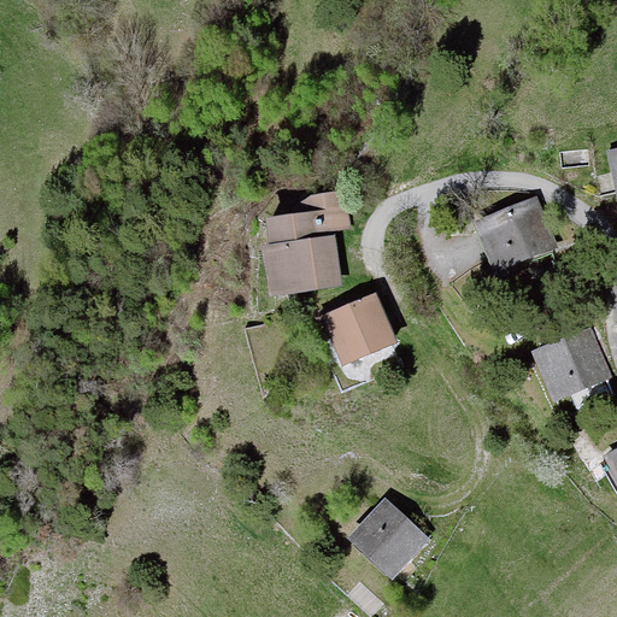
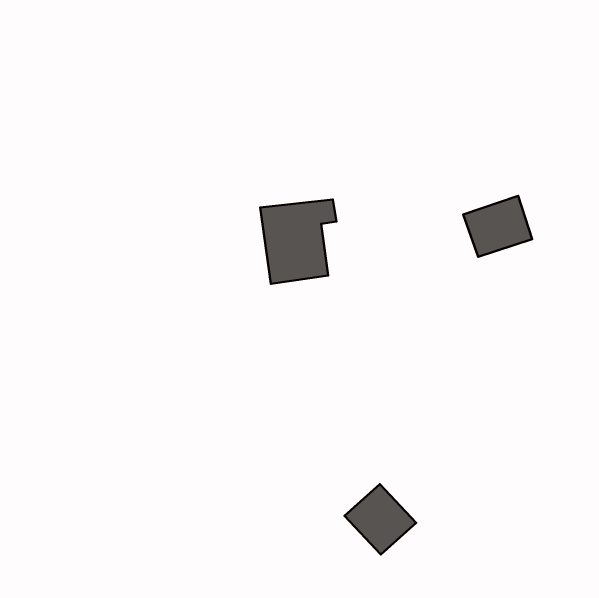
building: [328,295,390,363] -> none
building: [539,333,606,398] -> none

